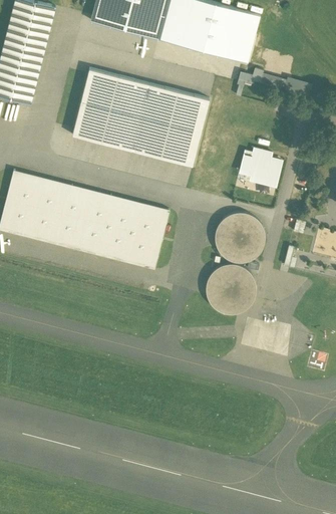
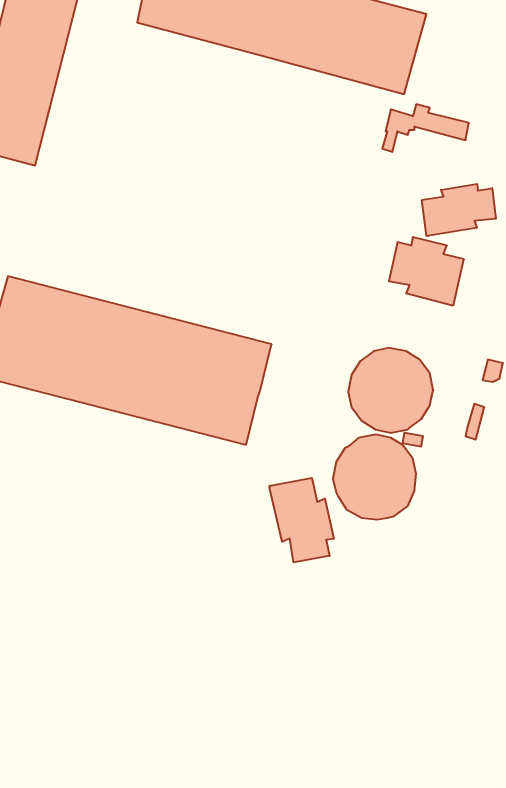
building: [72,69,209,166] -> none
building: none -> [422,184,496,236]
building: none -> [270,478,334,562]

